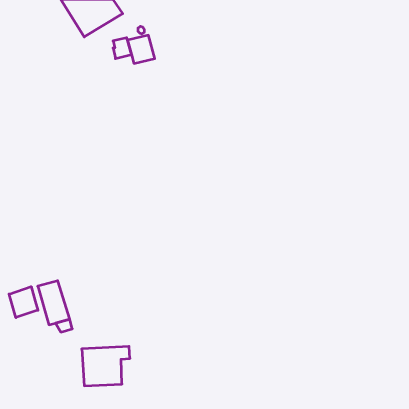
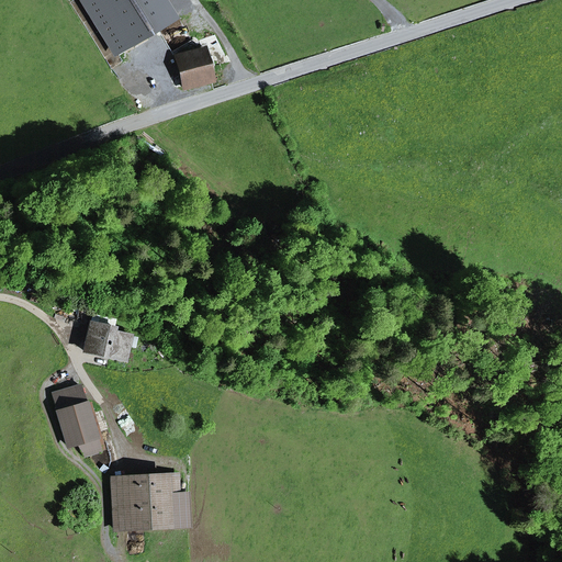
building: none -> [86,322,131,359]
building: [9,287,38,318] -> none

